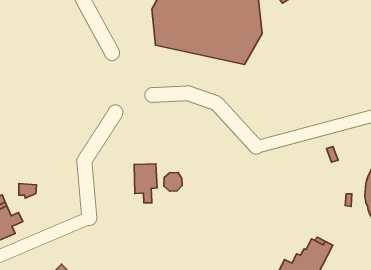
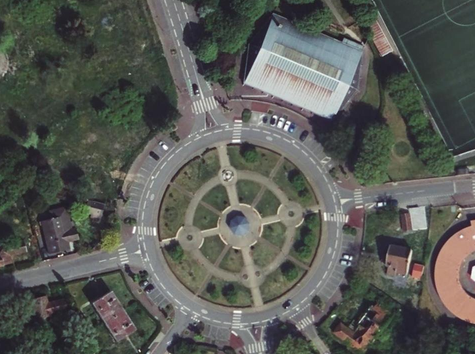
building: [134,164,157,203] -> none
building: none -> [388,246,414,275]

